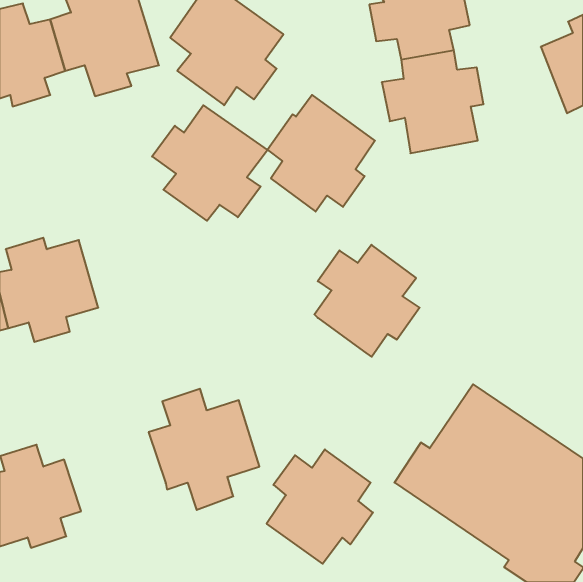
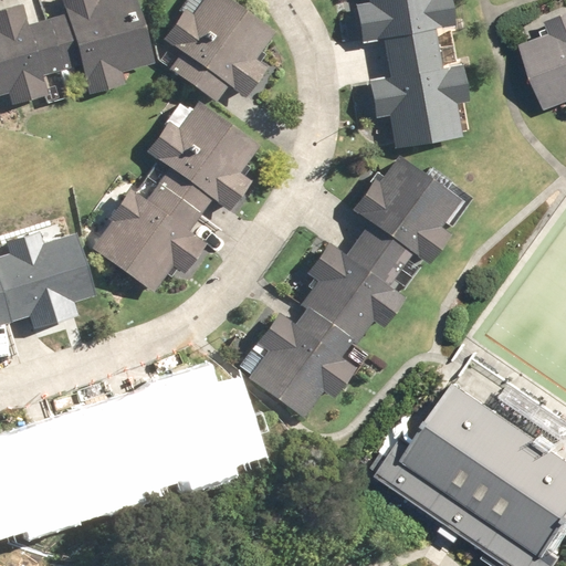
building: [267,95,375,212] -> [356,156,460,269]
building: none -> [93,184,206,292]
building: none -> [60,403,160,504]
building: [267,449,373,564] -> [251,307,354,418]

